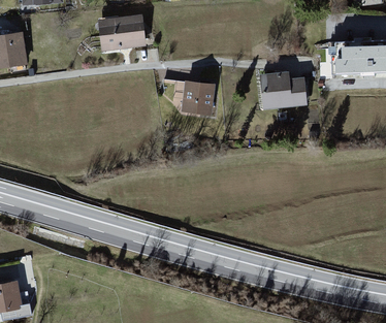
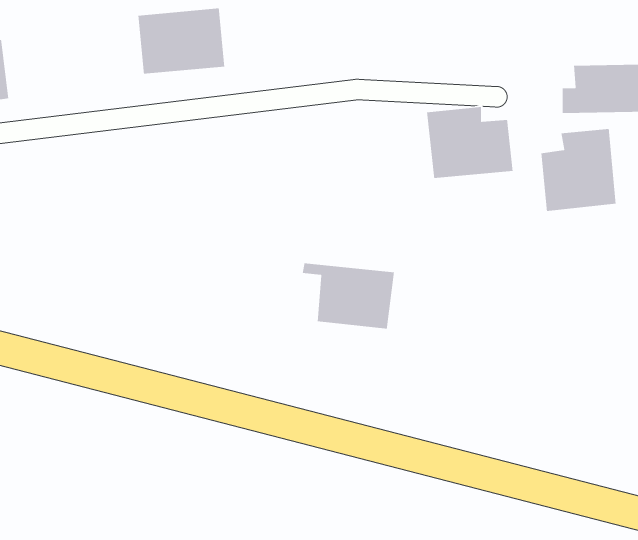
building: [163,77,215,115] -> [302,262,395,329]
building: none -> [541,128,617,212]

